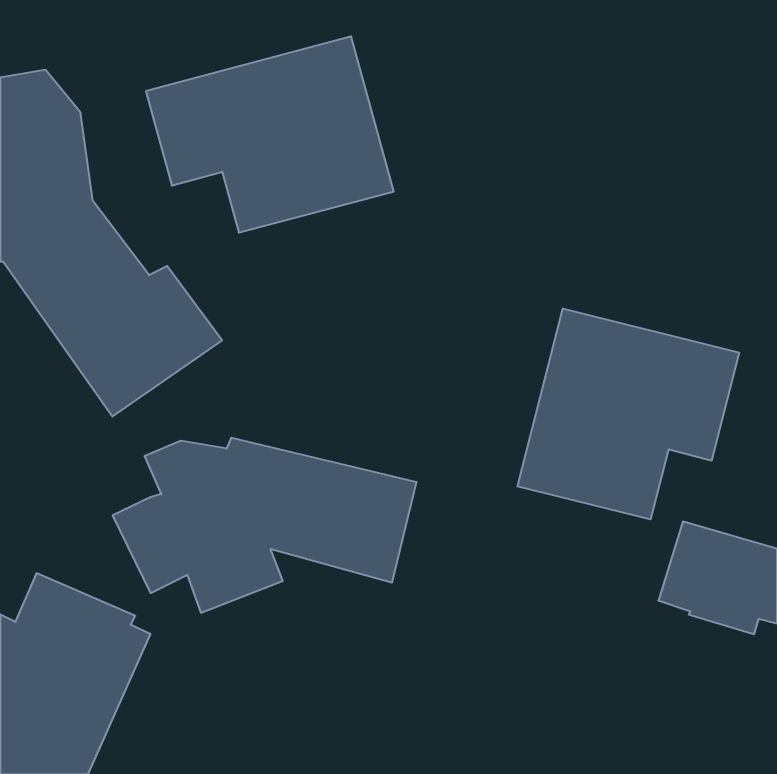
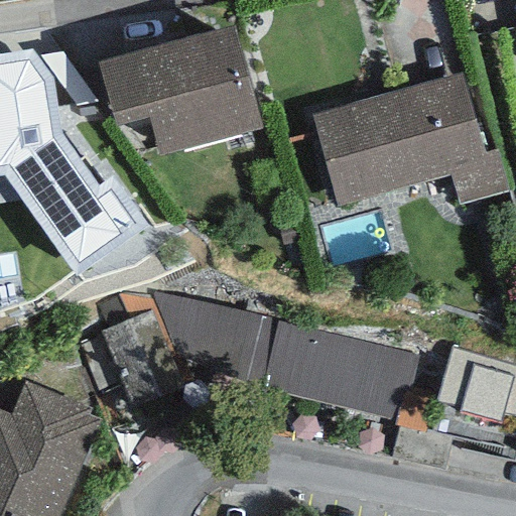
building: none -> [310,72,509,206]
building: [517,308,739,519] -> none
building: none -> [260,319,430,431]

